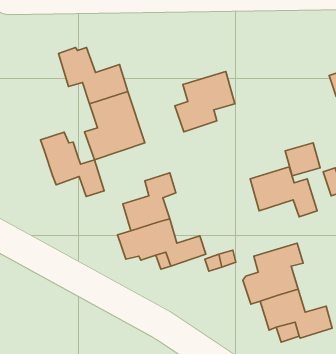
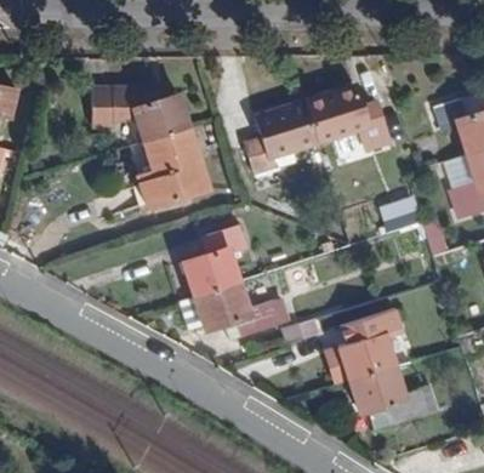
building: [40,132,104,197] -> none
building: [250,167,317,217] -> [308,87,389,148]

